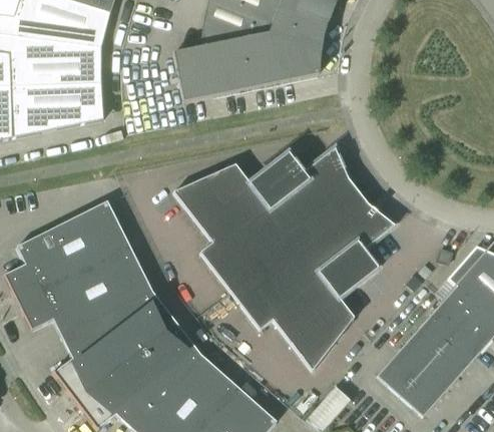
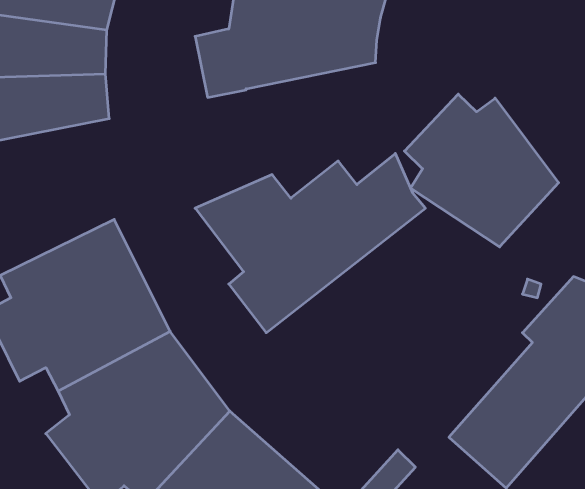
building: none -> [404,94,559,247]
building: [230,190,396,370] -> none

